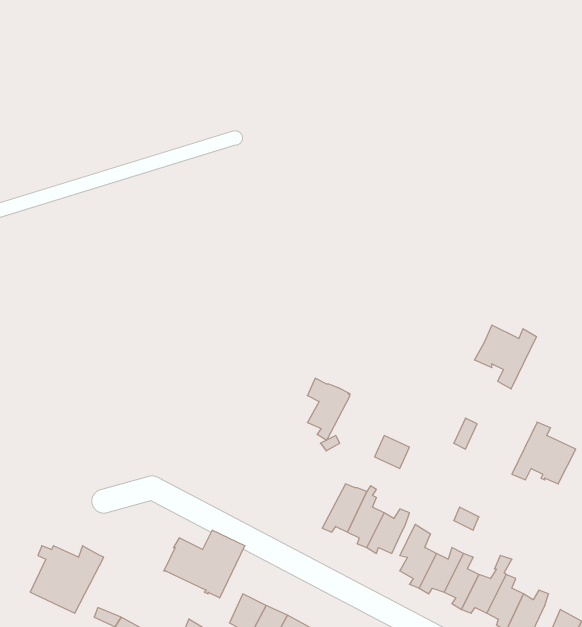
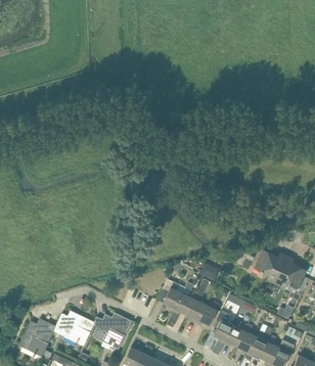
building: [474,325,536,389] -> [254,250,286,284]
building: [307,378,350,440] -> [163,280,185,313]
building: none -> [55,314,95,347]

